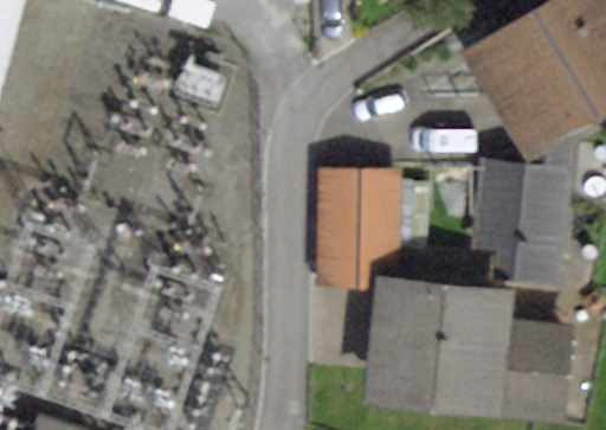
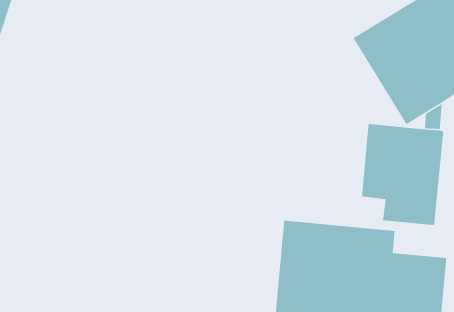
building: [314,166,400,285] -> none

